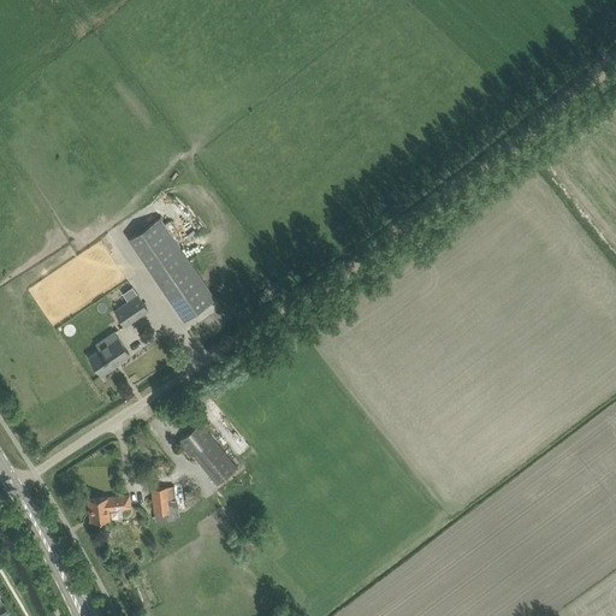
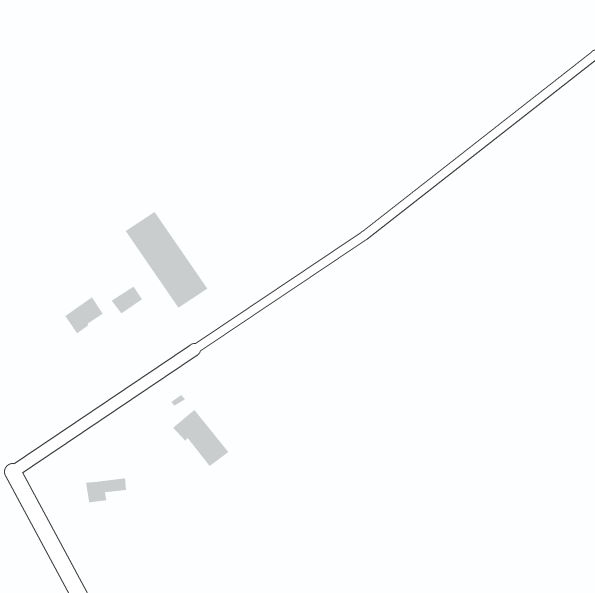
building: [89,338,130,378] -> [64,296,104,335]
building: [152,487,177,515] -> none

